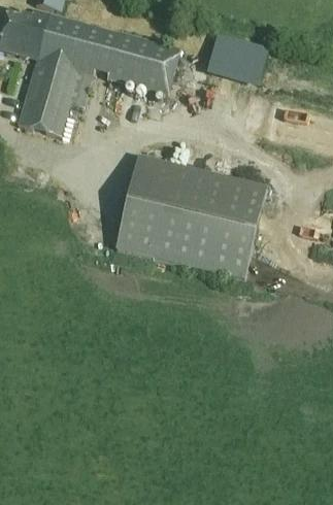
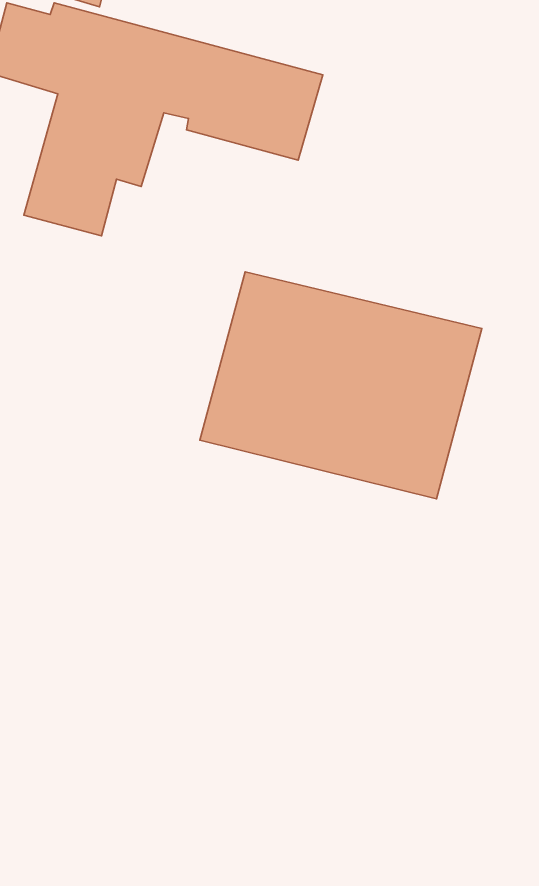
building: [205,29,268,82] -> none

